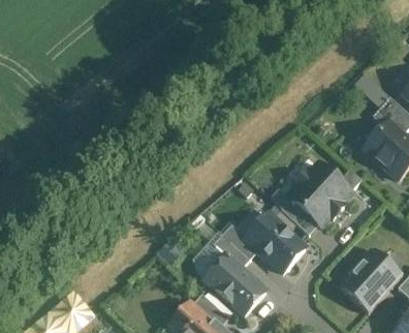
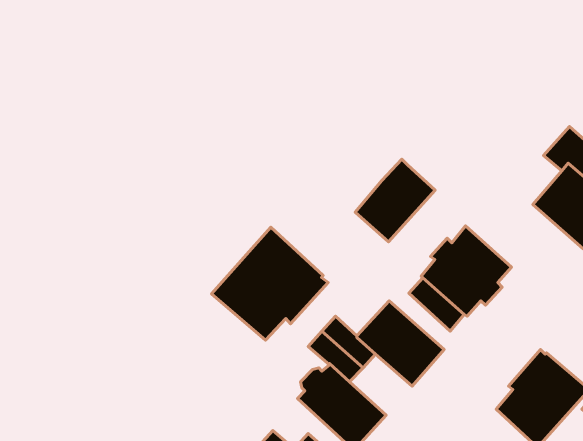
building: none -> [355,159,435,242]
building: none -> [212,227,328,340]

